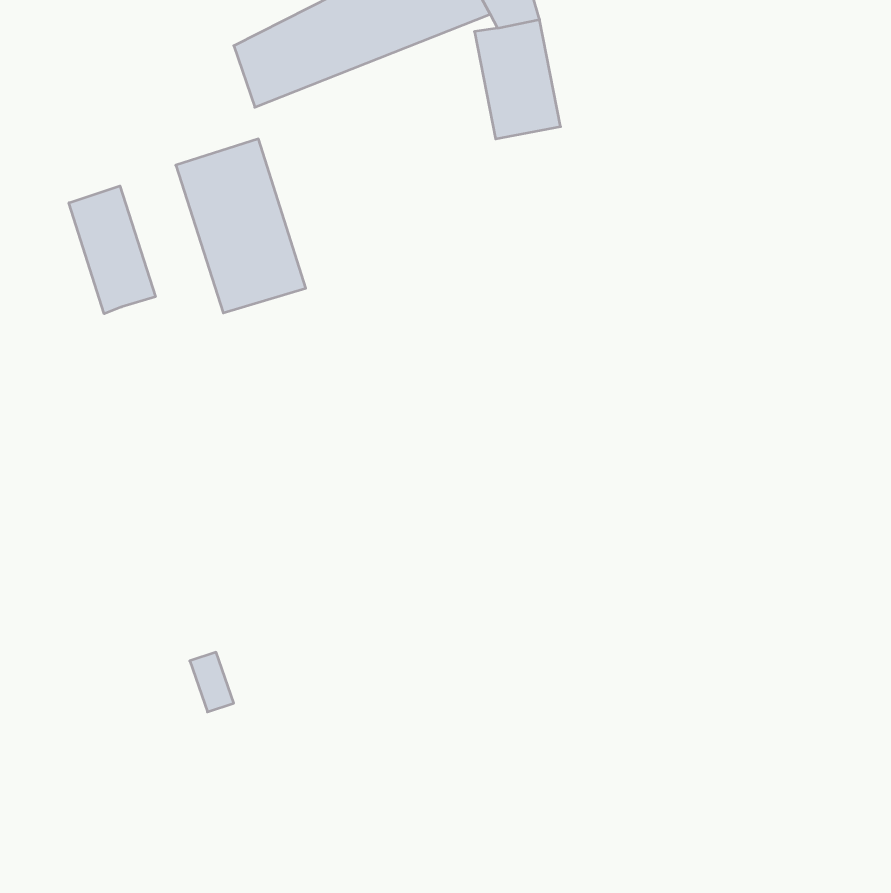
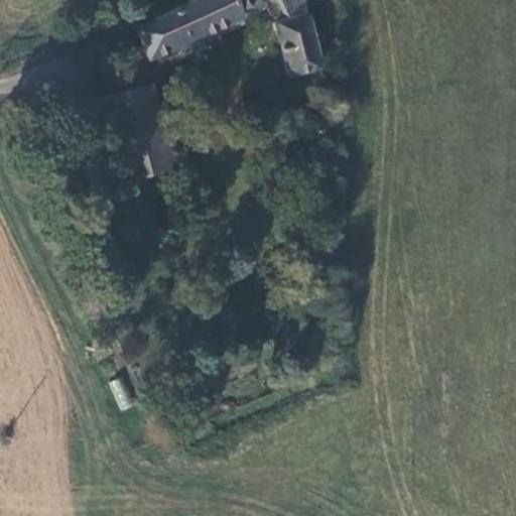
building: [69,186,155,314] -> none

